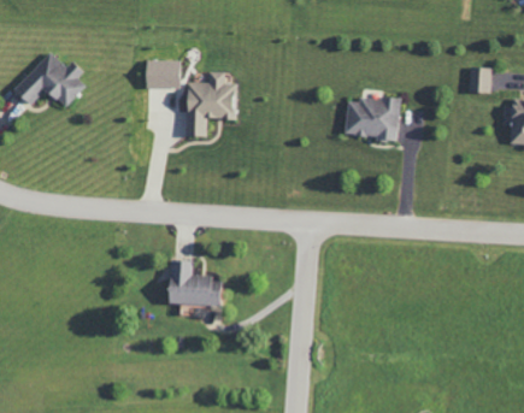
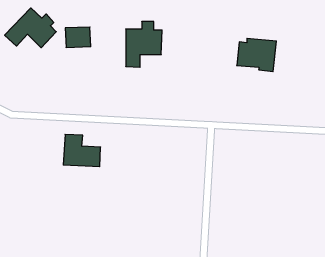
building: [146,59,182,88] -> [65,27,91,47]
building: [167,259,220,305] -> [63,134,101,167]

